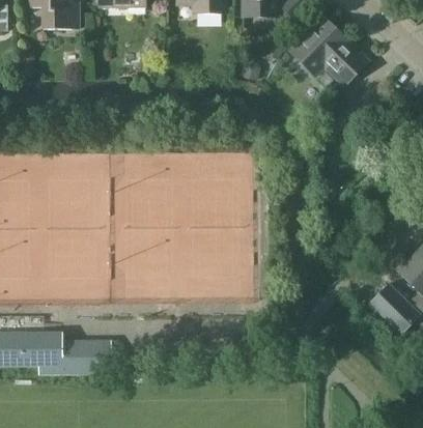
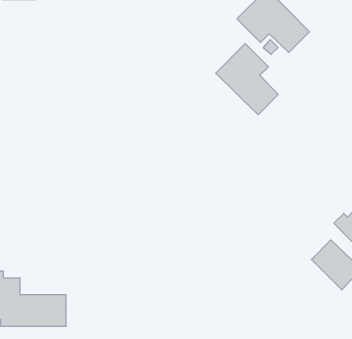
building: none -> [216,44,278,115]

